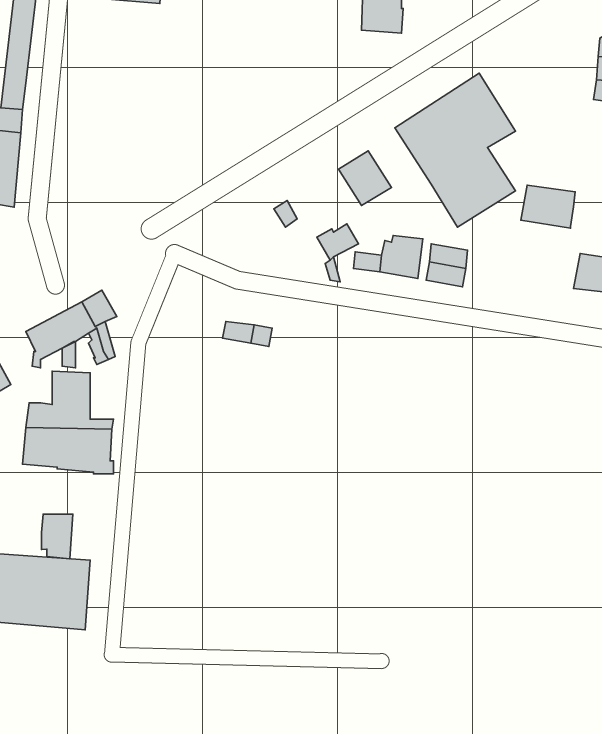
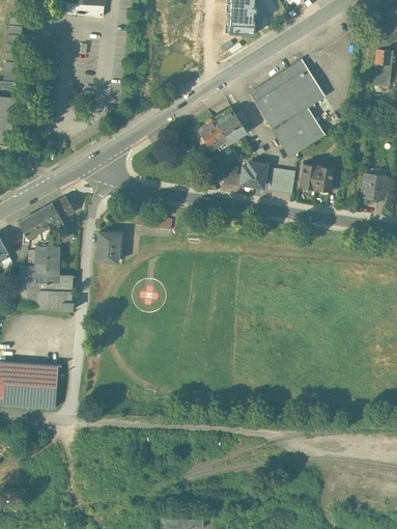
building: none -> [198,118,228,149]
building: [521,185,575,228] -> [299,164,333,191]
building: none -> [96,232,119,262]
building: [42,514,73,559] -> none

